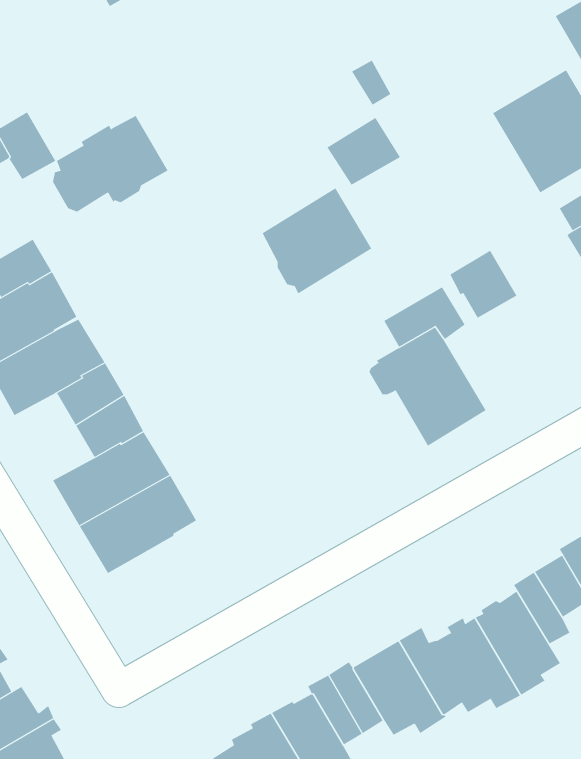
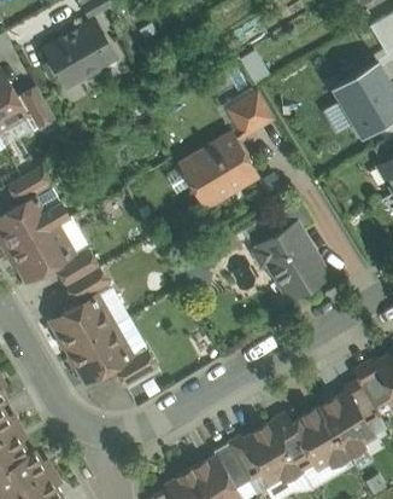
building: [52,115,168,212] -> [42,22,116,83]
building: [450,250,517,318] -> none
building: none -> [112,347,156,387]

